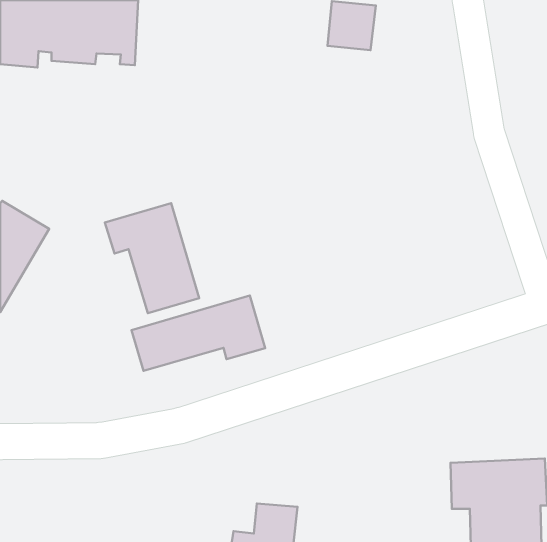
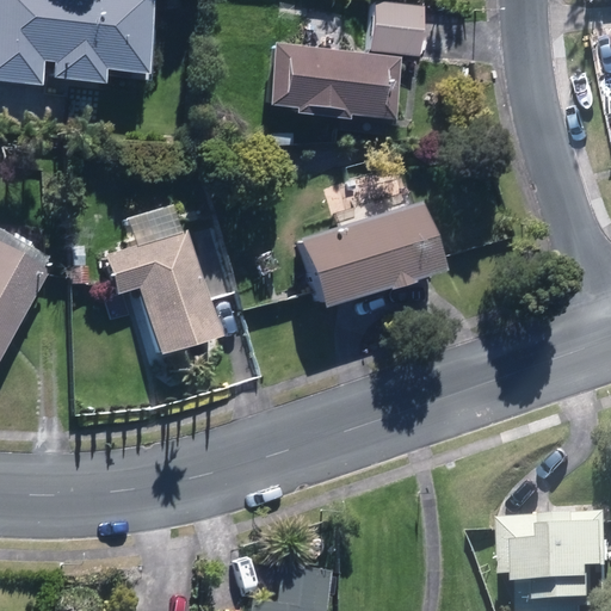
building: none -> [261,49,393,124]
building: none -> [307,199,440,300]
building: [132,296,265,371] -> none

